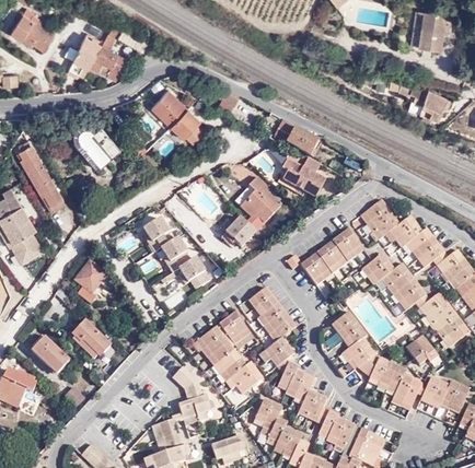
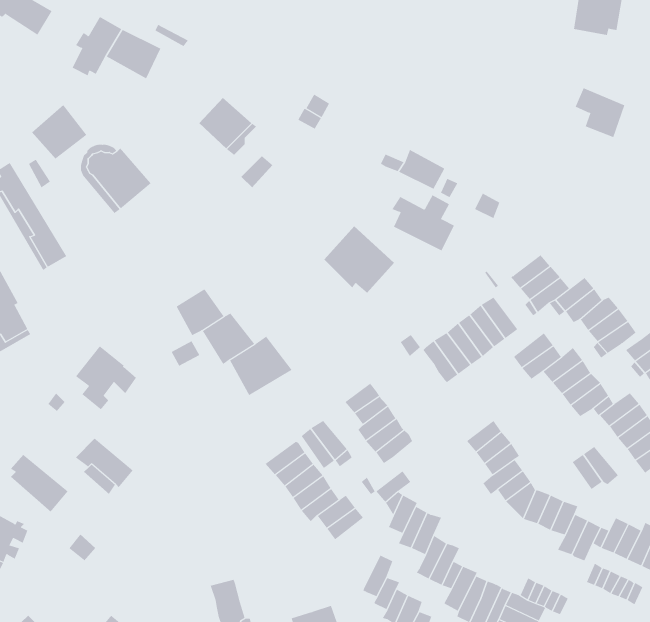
building: none -> [31,104,87,159]
building: [219,222,252,254] -> none
building: [174,364,213,419] -> none

